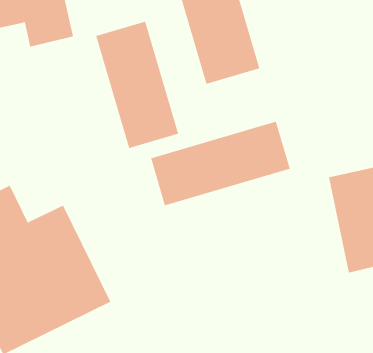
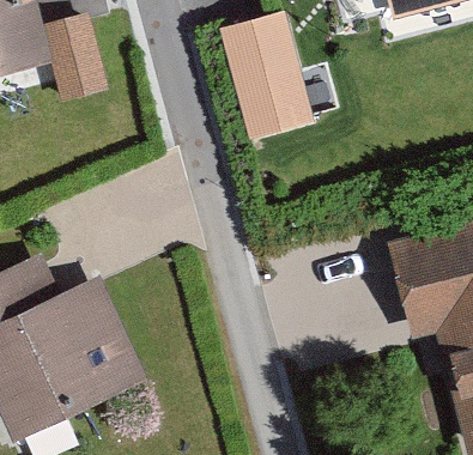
building: [96,21,179,149] -> none
building: [150,121,290,206] -> none

